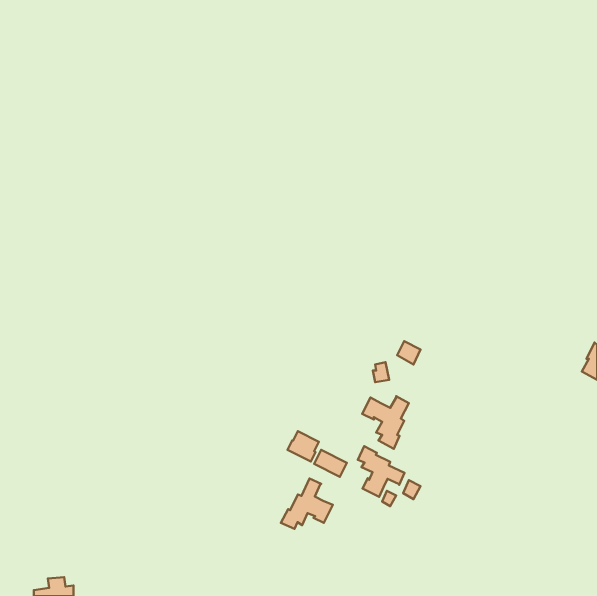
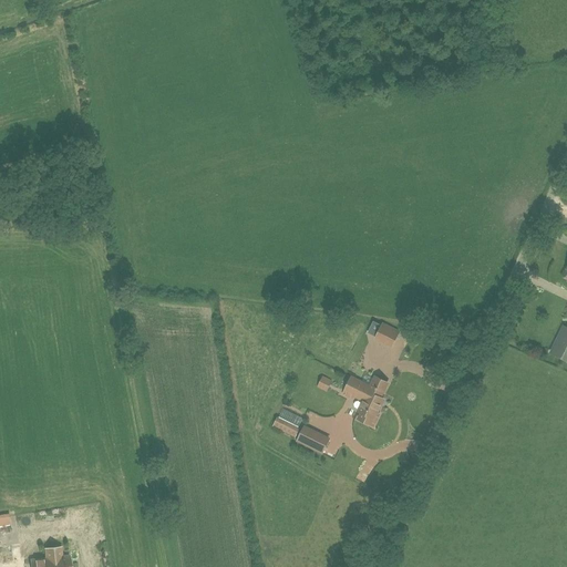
building: [358,446,405,497] -> none
building: [281,479,333,529] -> none

